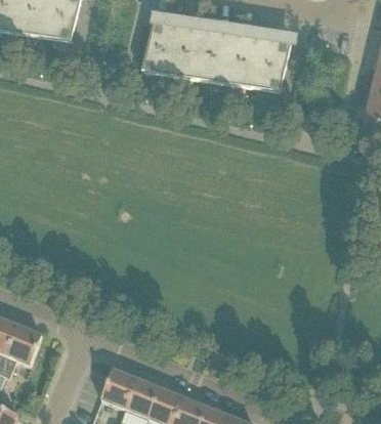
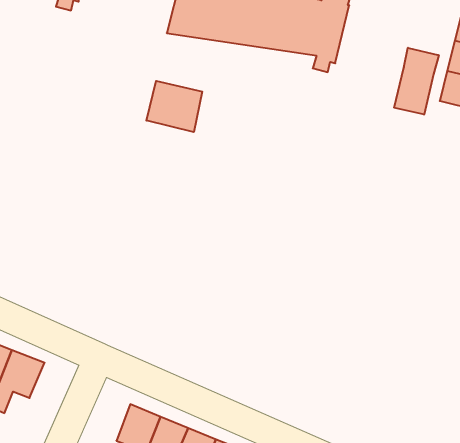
building: none -> [394,48,439,115]
building: none -> [146,81,202,132]

